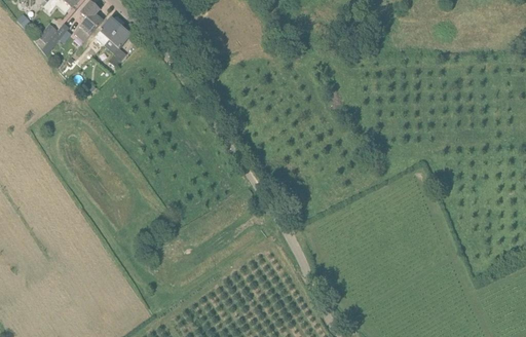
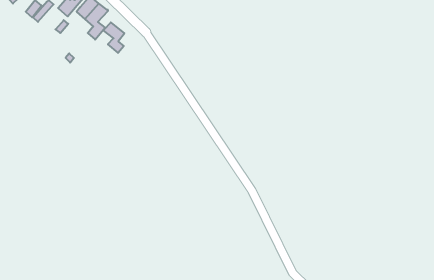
building: none -> [103,22,124,53]

